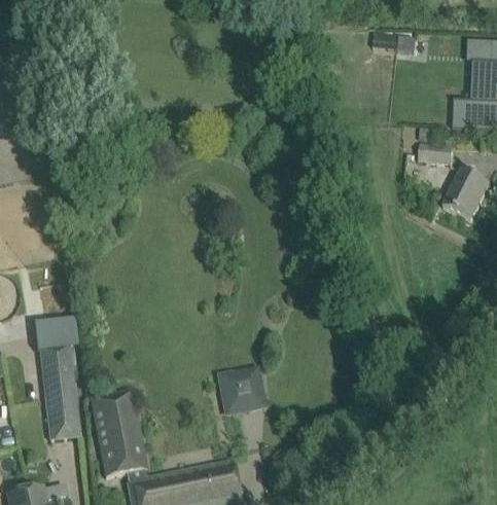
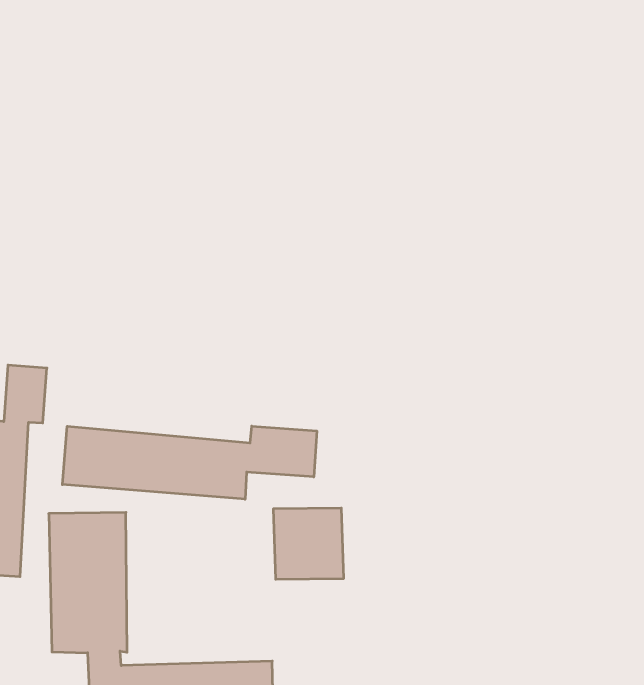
building: none -> [62,426,317,499]

